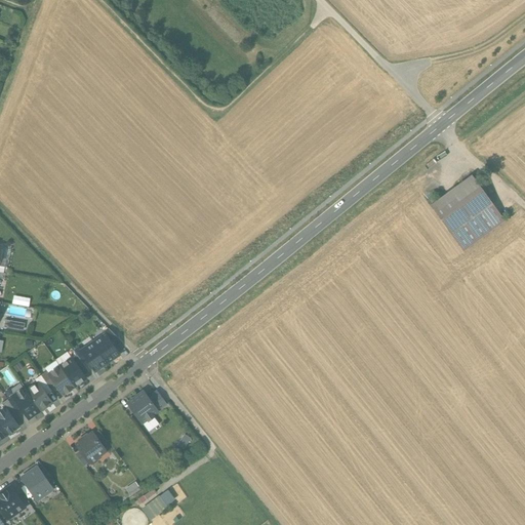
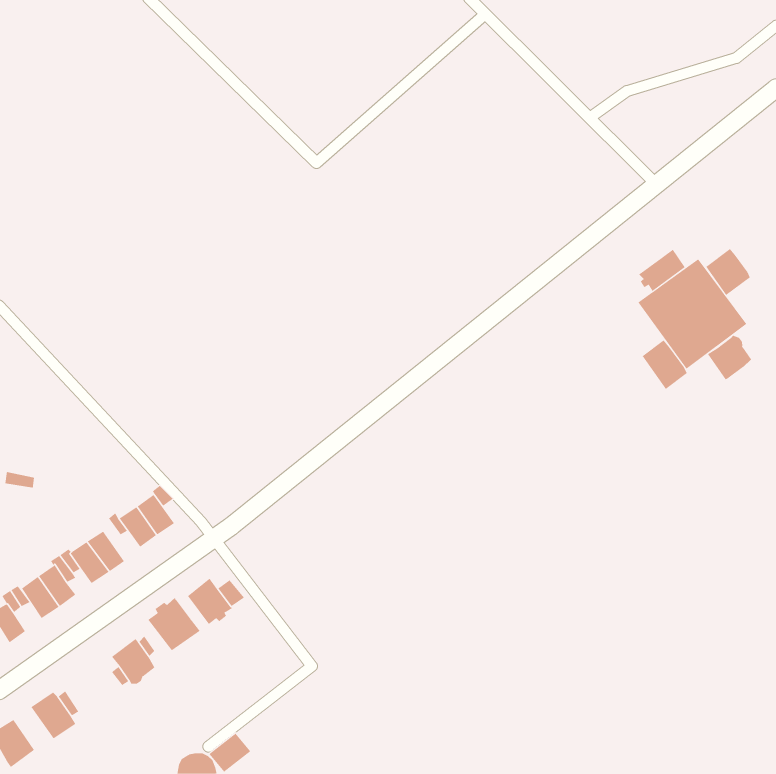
building: none -> [706,248,750,296]
building: none -> [638,249,685,292]
building: none -> [707,335,752,380]
building: none -> [642,339,688,390]
building: none -> [147,597,200,651]

